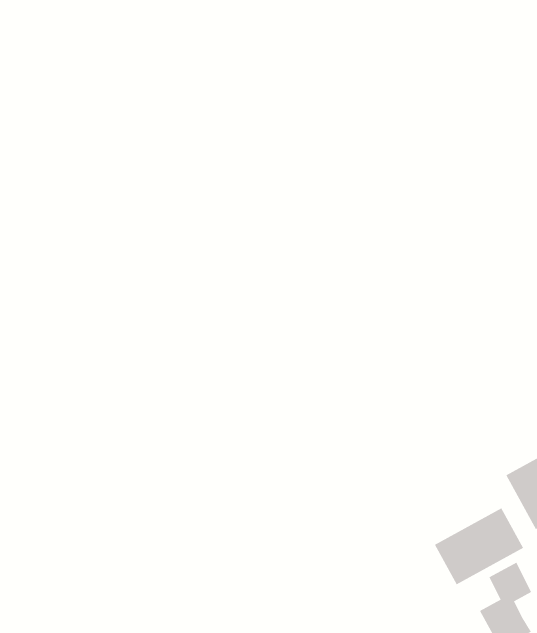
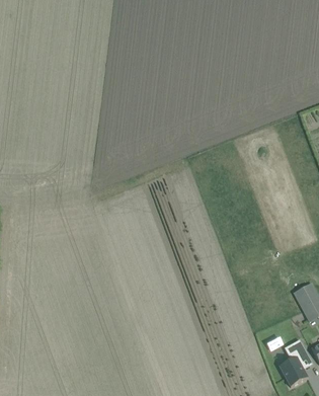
building: [434,508,524,585] -> none

